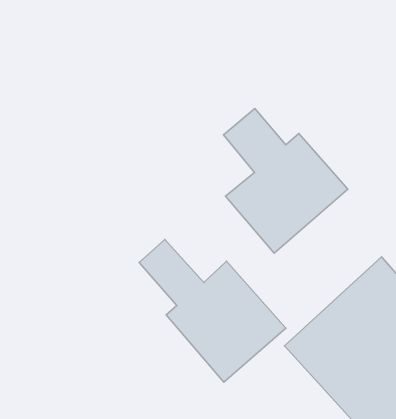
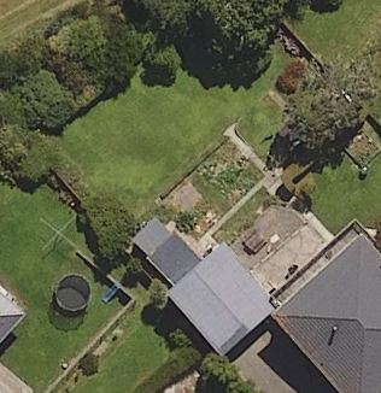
building: [224,109,348,253] -> none

